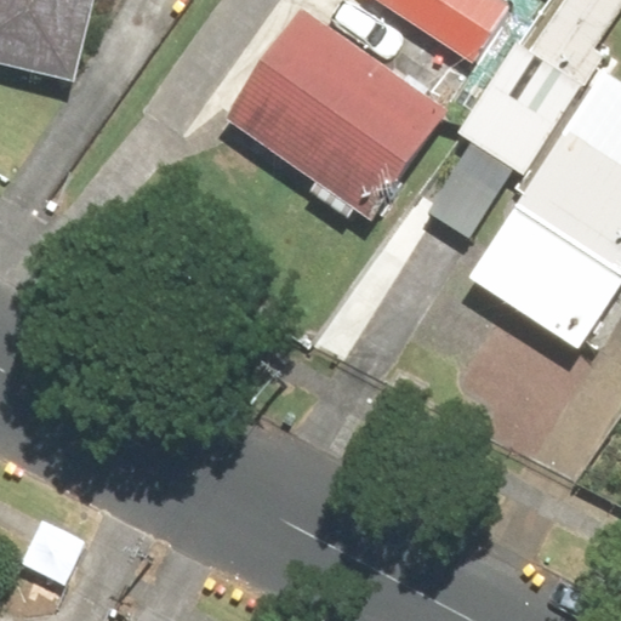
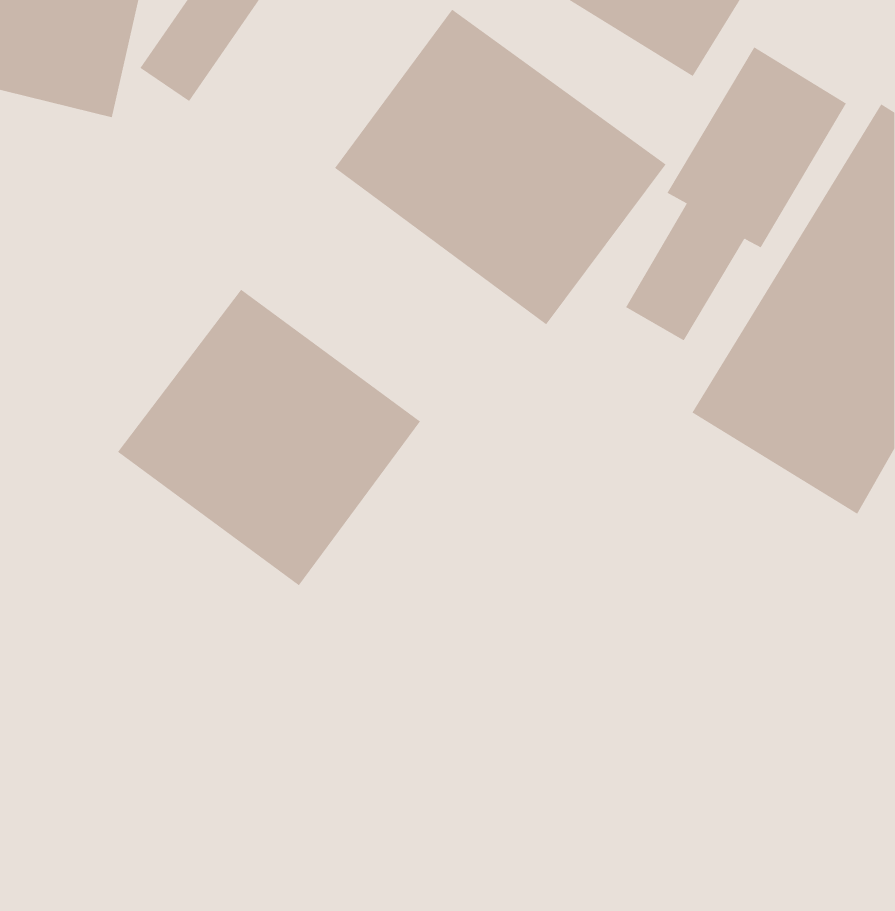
building: none -> [117,289,421,586]

